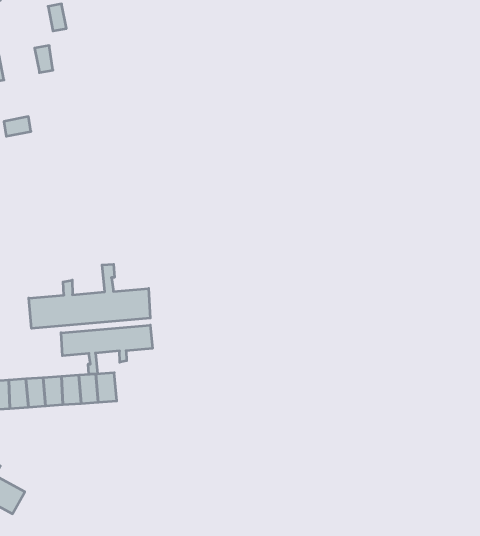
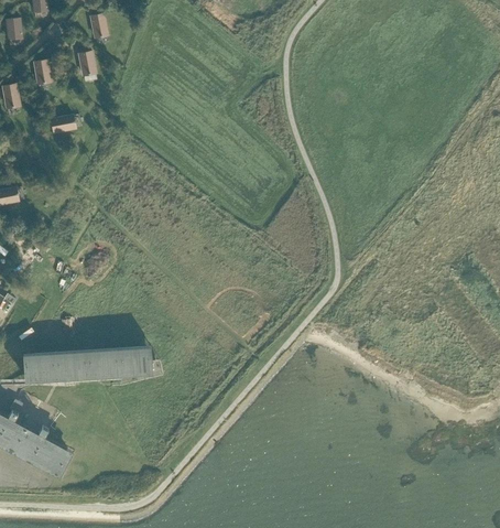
building: [29,264,150,328] -> none
building: [61,325,152,374] -> none

